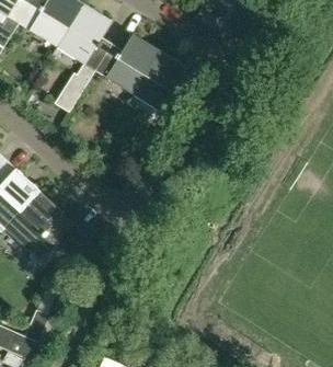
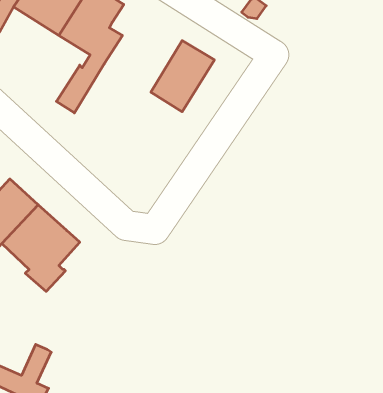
building: [94,35,160,96] -> none

